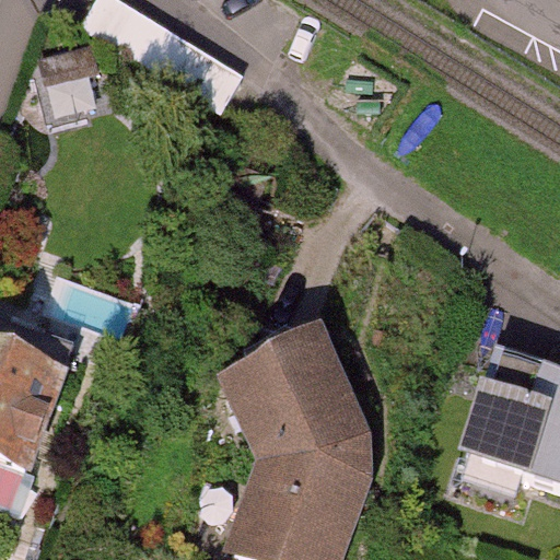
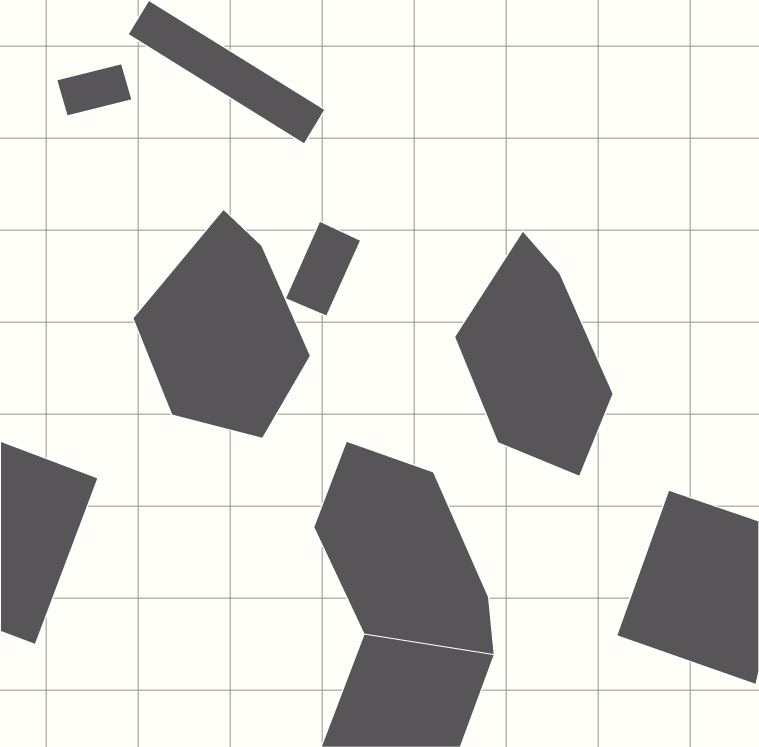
building: none -> [133,209,310,438]
building: none -> [454,231,613,476]

